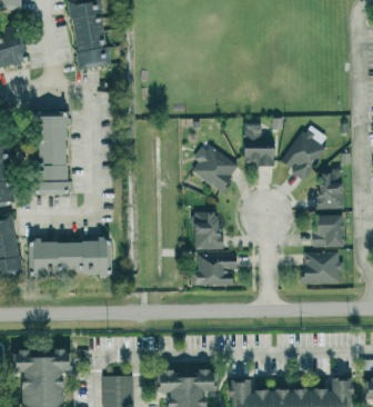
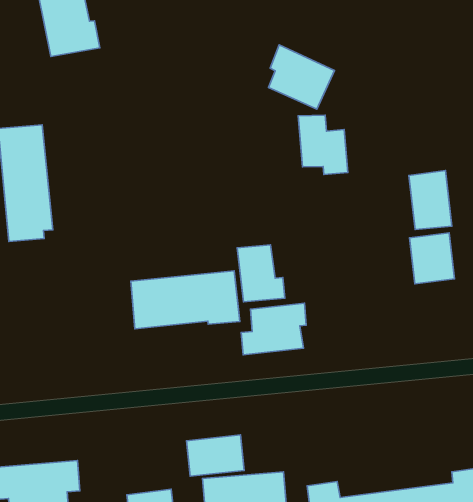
building: [283,130,330,179] -> none
building: [193,143,240,190] -> [269,45,334,109]
building: [31,239,104,275] -> [131,271,240,329]
building: [303,250,343,282] -> none
building: none -> [187,435,244,476]

